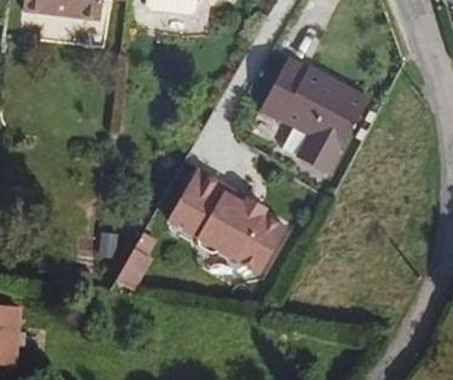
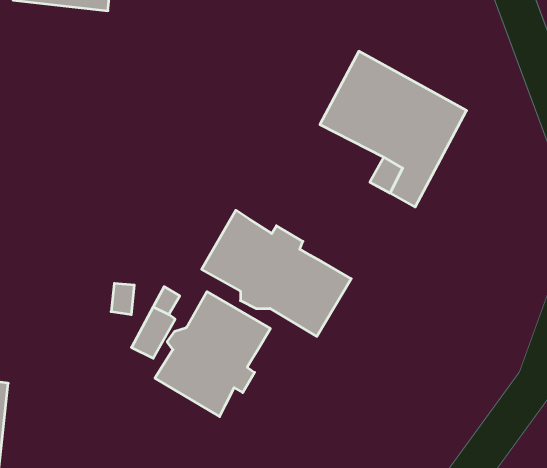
building: none -> [155,292,270,417]

